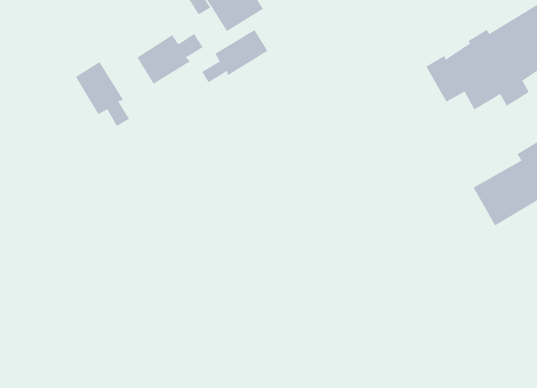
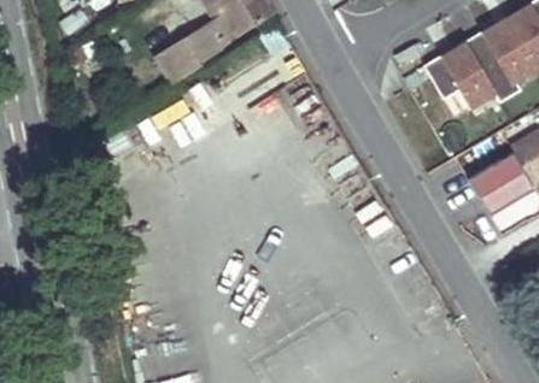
building: [202,29,268,83] -> none
building: [75,61,130,127] -> none

